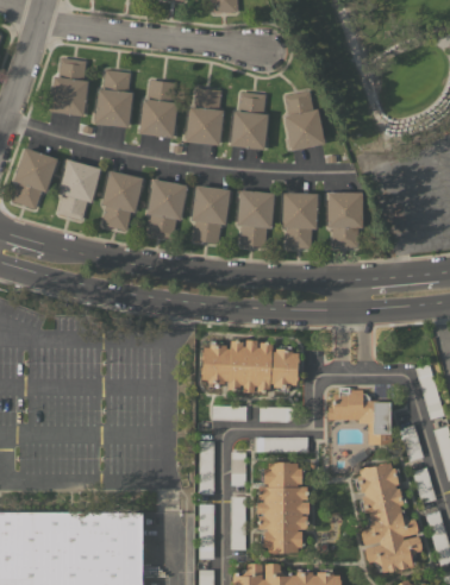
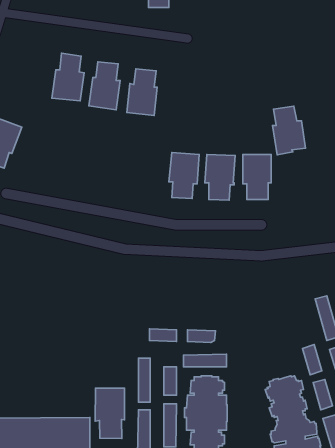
building: [50,58,88,115] -> none
building: [231,92,268,150] -> none
building: [283,92,324,151] -> [272,106,306,155]
building: [57,159,100,220] -> none
building: [101,170,143,231] -> none
building: [146,180,187,238] -> none
building: [192,185,230,244] -> none
building: [201,340,299,394] -> none
building: [329,388,393,445] -> none
building: none -> [95,388,125,438]

